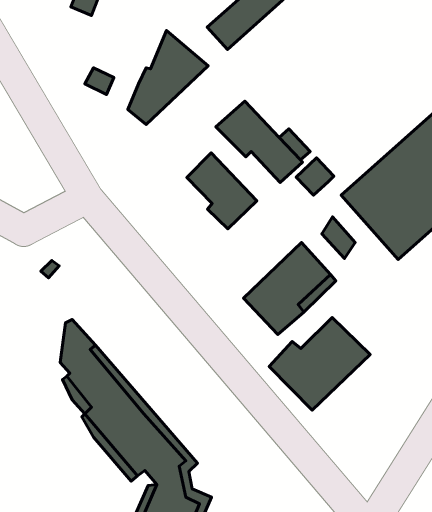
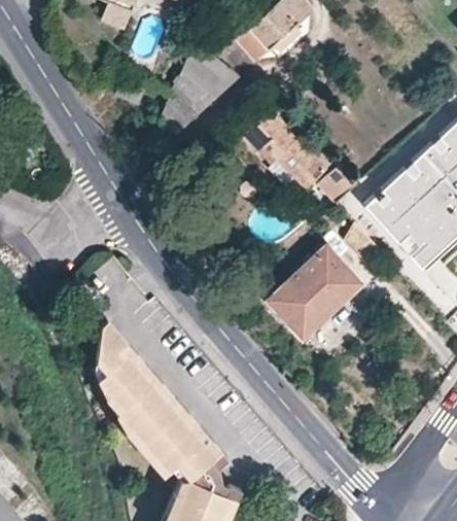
building: [187,153,257,229] -> none
building: [269,317,370,410] -> none

